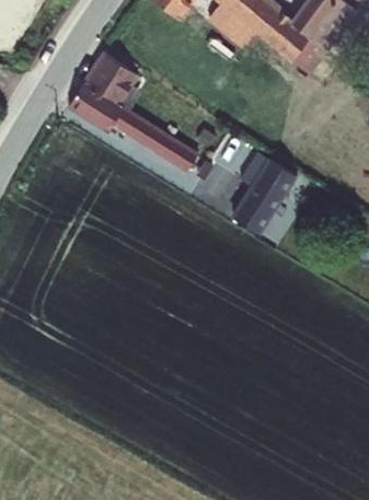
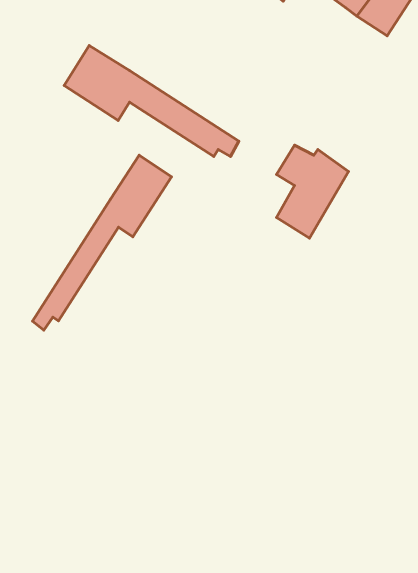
building: [85,54,139,102] -> none
building: none -> [33,155,171,330]

